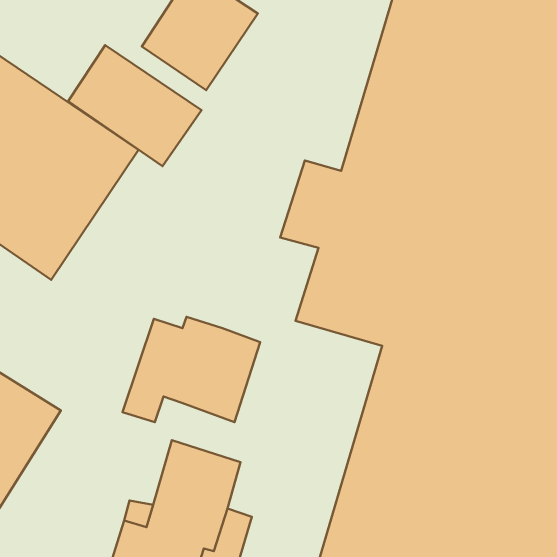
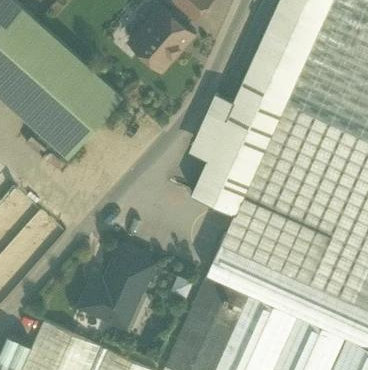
building: [68,45,201,166] -> none
building: [123,317,260,422] -> none

